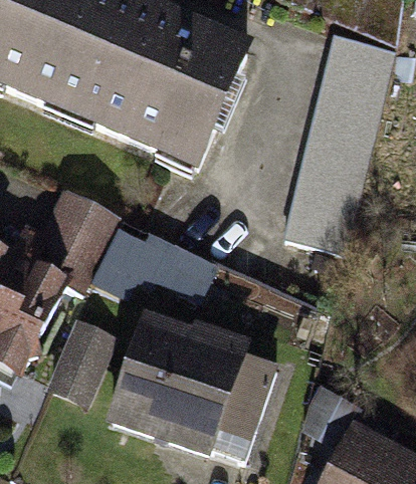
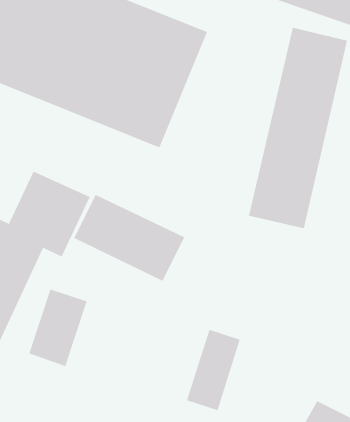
building: [114,319,238,443] -> none

